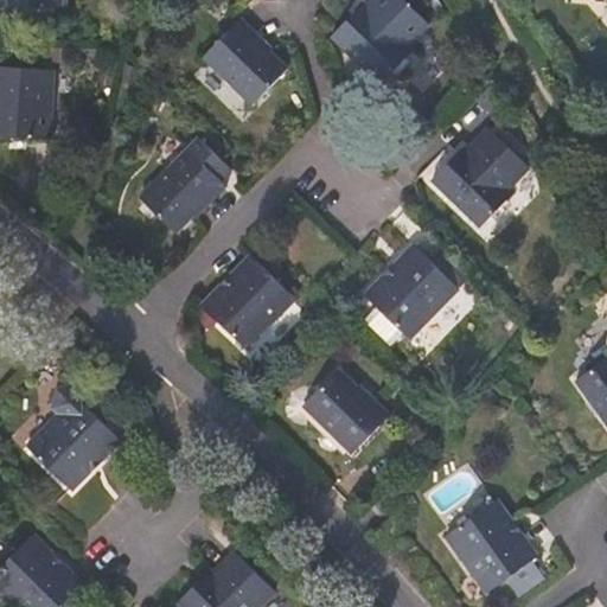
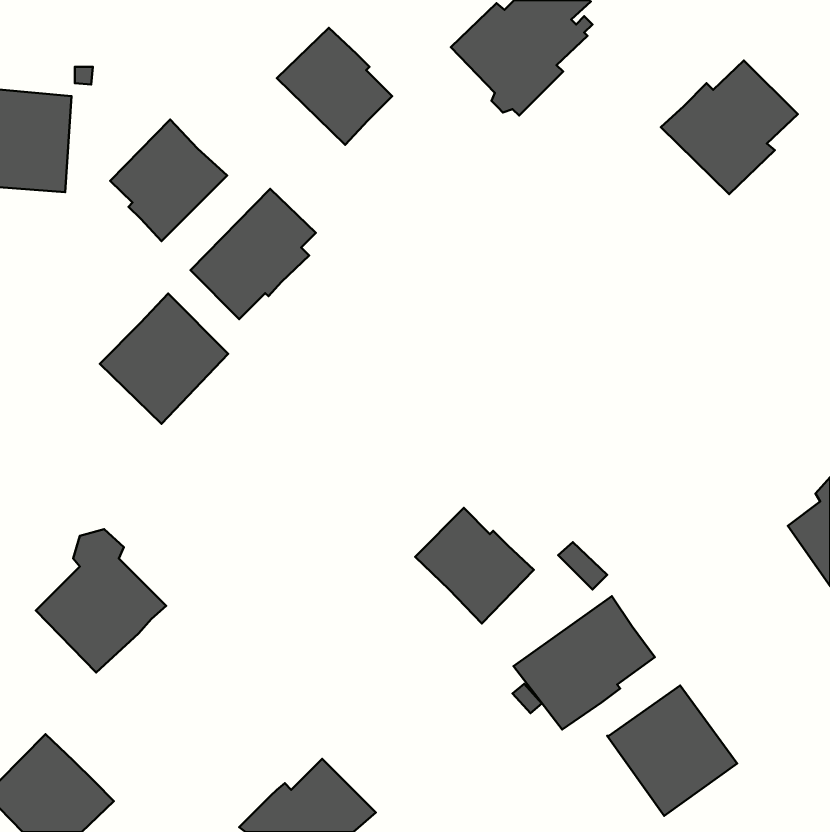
building: none -> [110,120,227,241]
building: [429,130,529,228] -> [661,61,798,194]
building: [364,244,469,345] -> none
building: [200,255,294,350] -> [100,294,228,424]
building: none -> [514,596,655,730]

